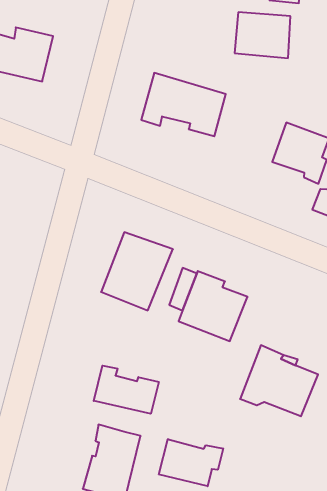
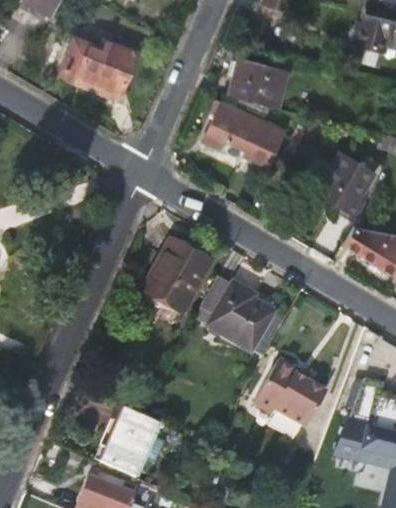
building: [235,12,290,58] -> [227,59,282,107]
building: [94,366,159,414] -> none
building: [159,439,223,486] -> none

